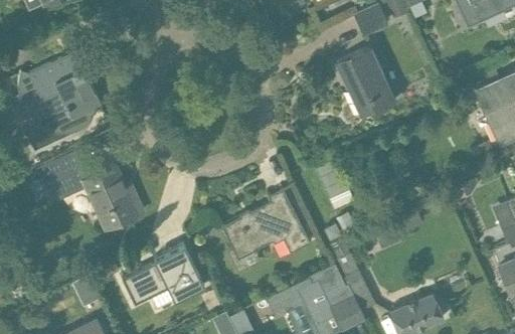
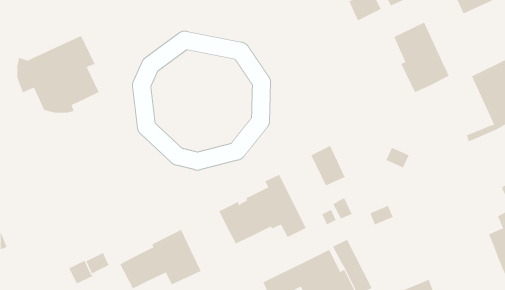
building: [338,47,394,119] -> [394,22,450,93]
building: [35,162,144,230] -> none

